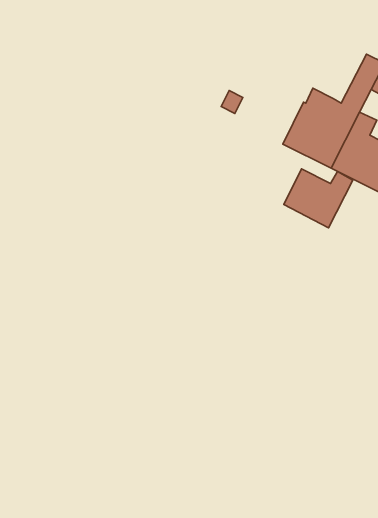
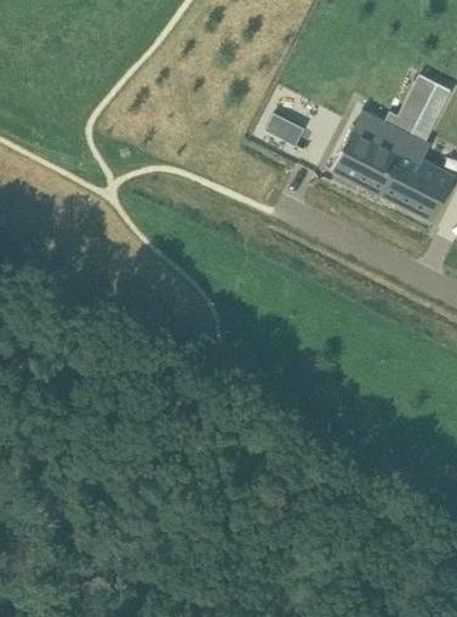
building: [284,169,353,228] -> none

